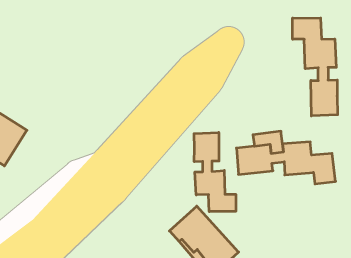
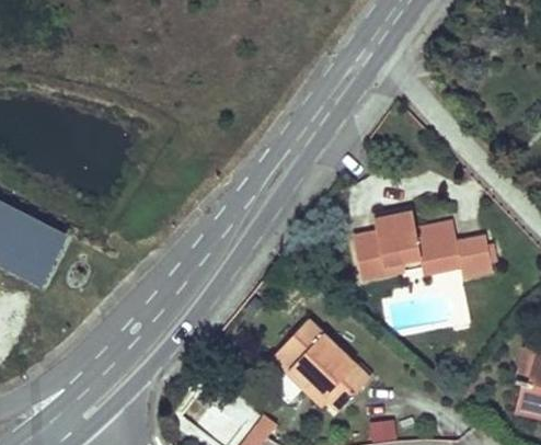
building: [293,18,338,116] -> none
building: [194,132,236,212] -> none

